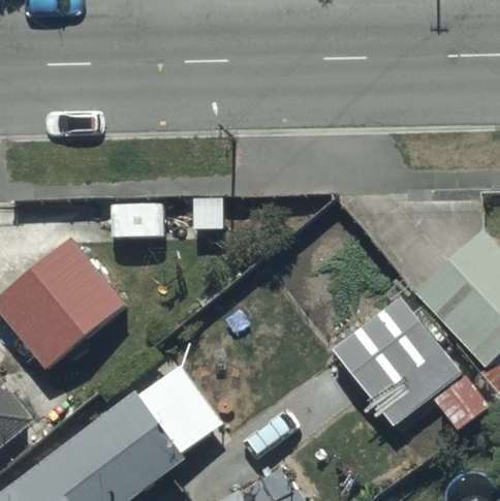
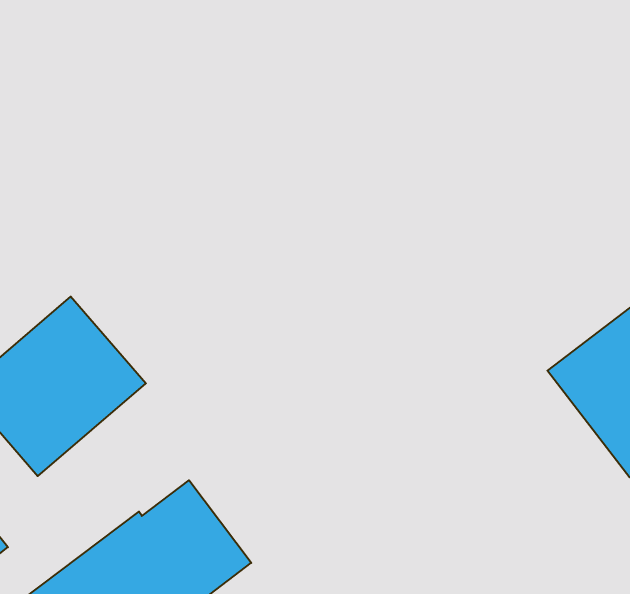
building: [327,298,461,433] -> none

